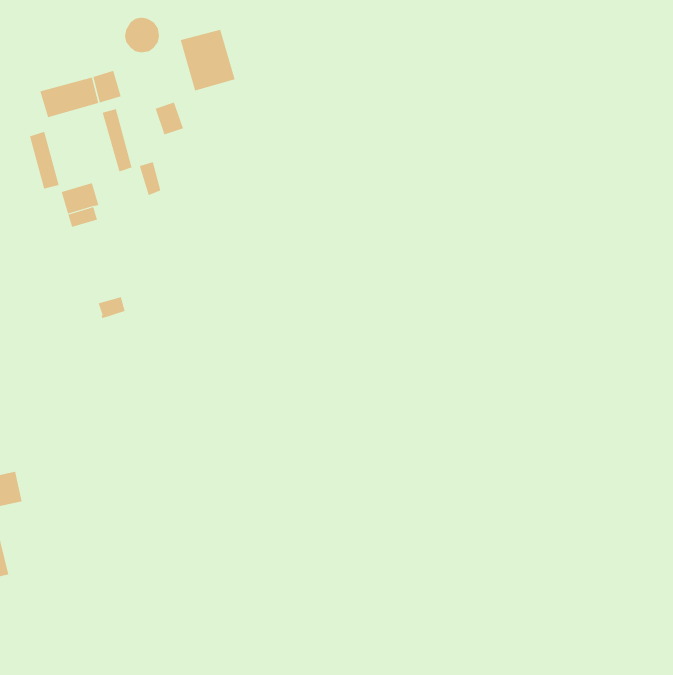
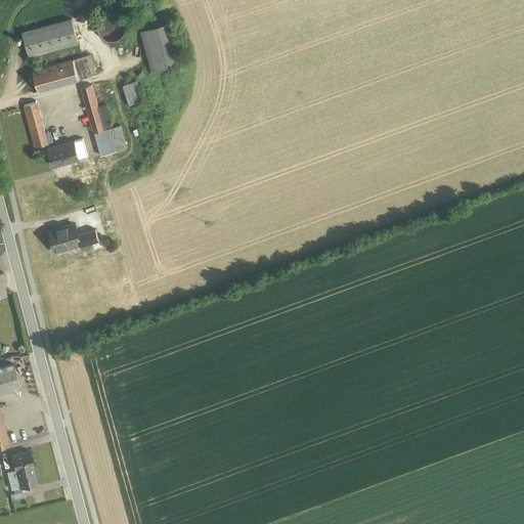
building: none -> [20,19,77,57]
building: none -> [47,225,79,254]
building: none -> [9,451,35,488]

